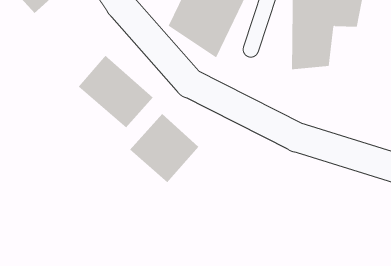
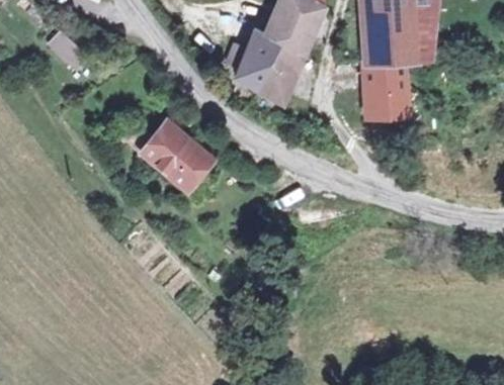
building: [129,113,199,183] -> none

